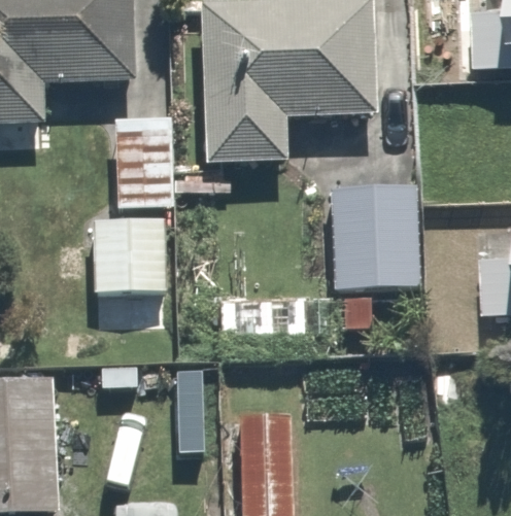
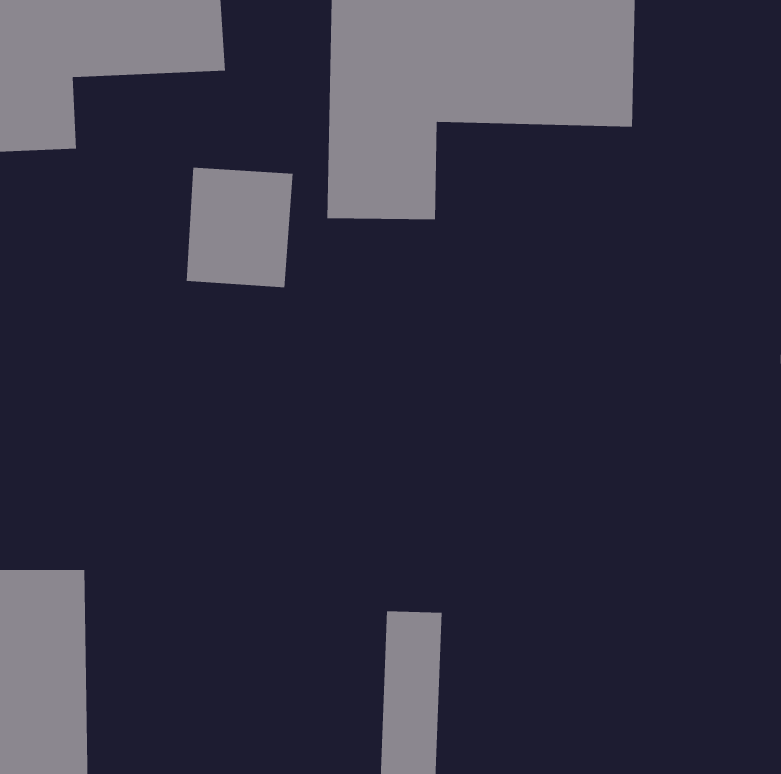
building: [325,182,429,294] -> none
building: [62,221,170,290] -> none

